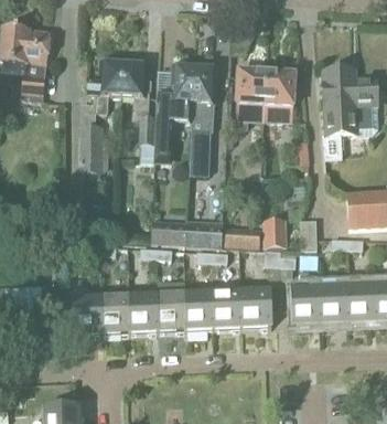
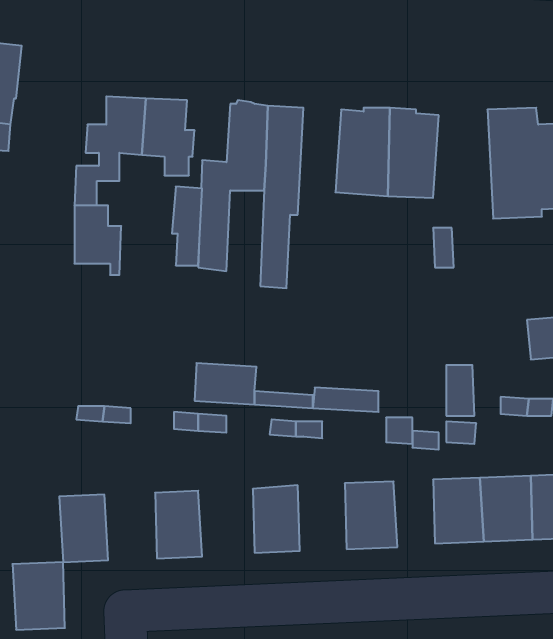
building: [262,218,286,246] -> none
building: [213,288,241,328] -> none
building: [154,292,187,331] -> none
building: [99,294,130,333] -> [12,562,65,630]

